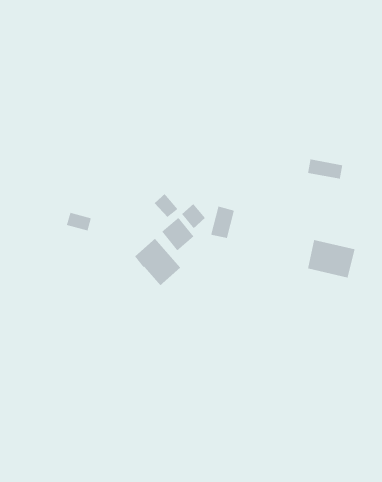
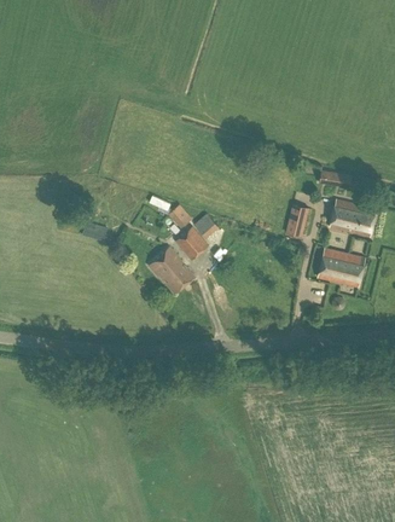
building: none -> [330,199,376,237]
building: [210,205,235,239] -> [285,203,309,236]

